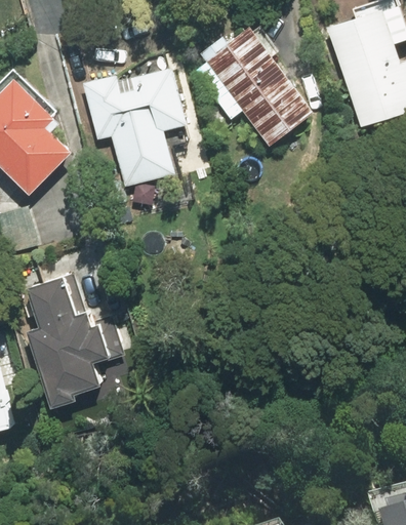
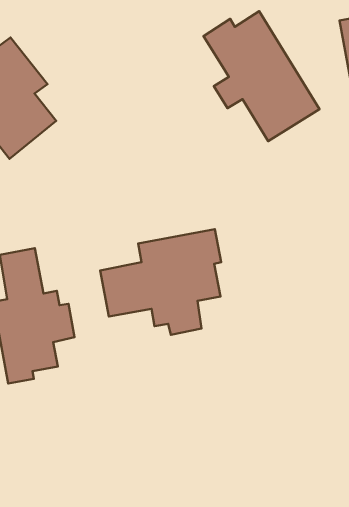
building: [80,66,188,190] -> none
building: none -> [100,229,221,335]

